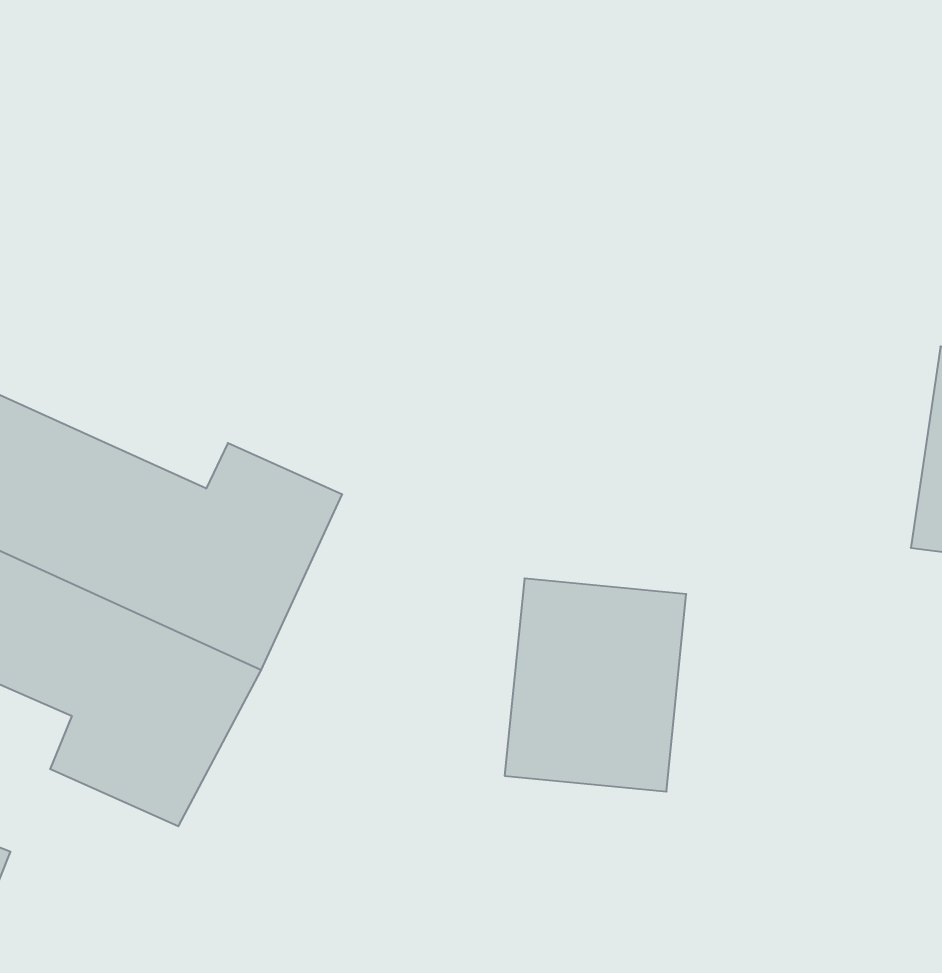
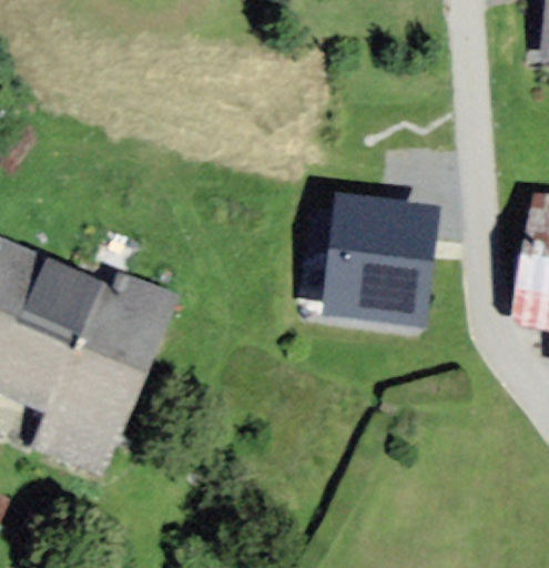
building: [505,578,686,792] -> [319,206,421,326]

